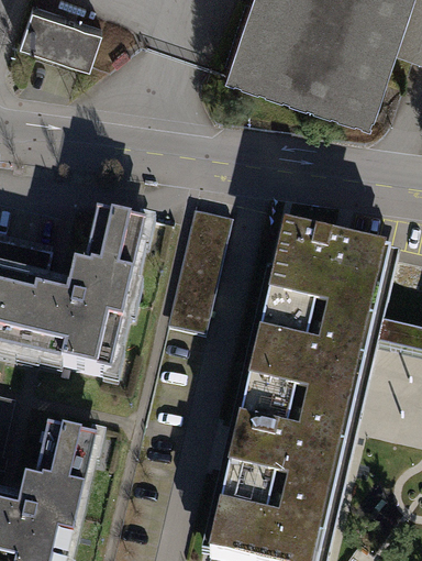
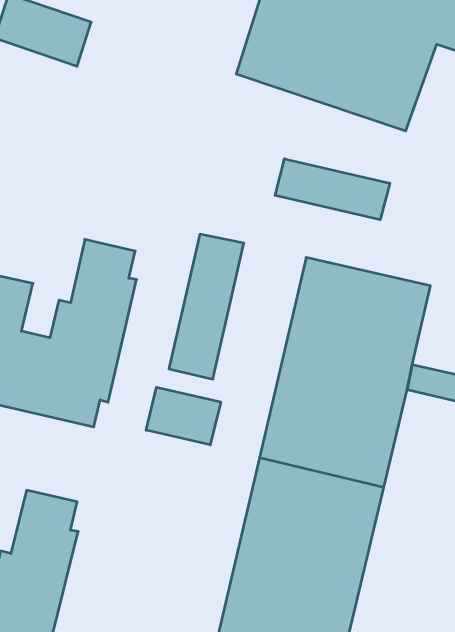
building: none -> [275,159,390,220]
building: none -> [146,387,221,445]

